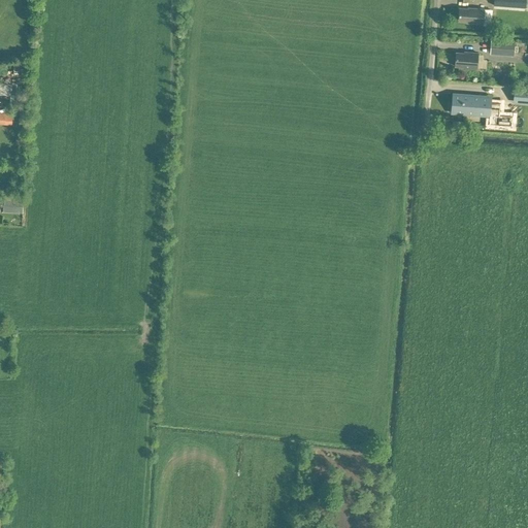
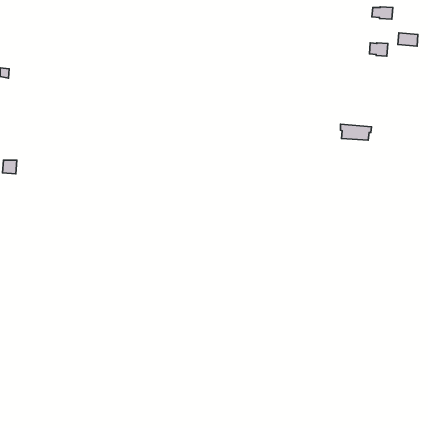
building: [453,96,491,116] -> [341,124,372,140]

